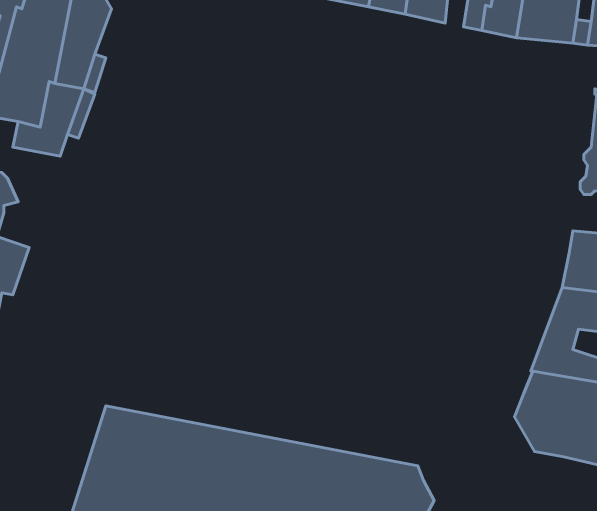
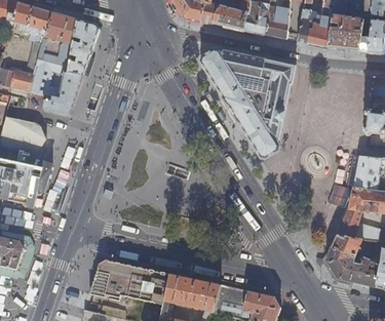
building: none -> [198,47,295,158]

